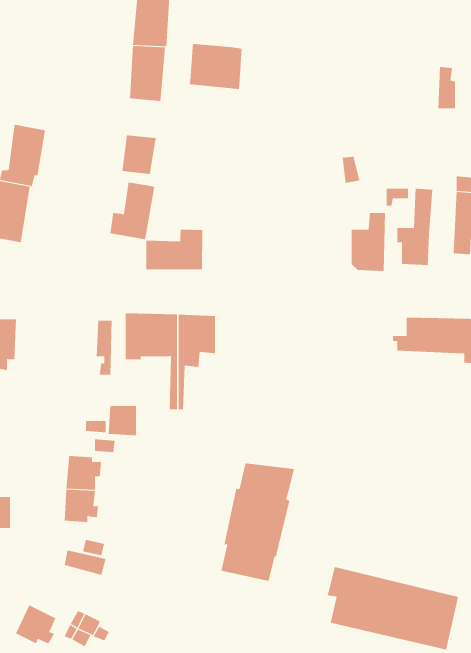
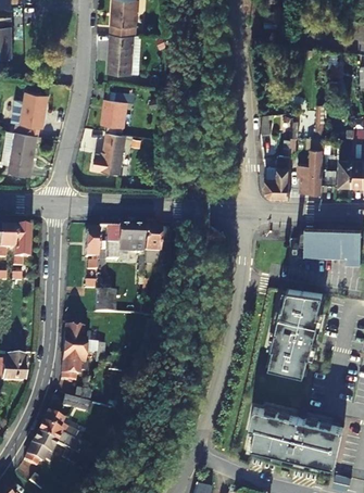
building: [189,43,242,90] -> none
building: [146,229,203,270] -> none
building: [220,463,295,581] -> [269,291,323,376]
building: none -> [36,415,67,445]

